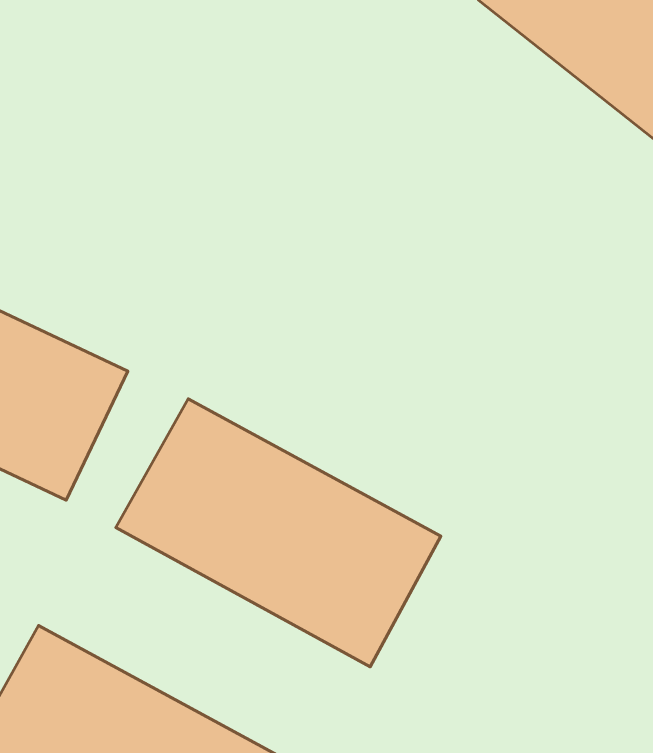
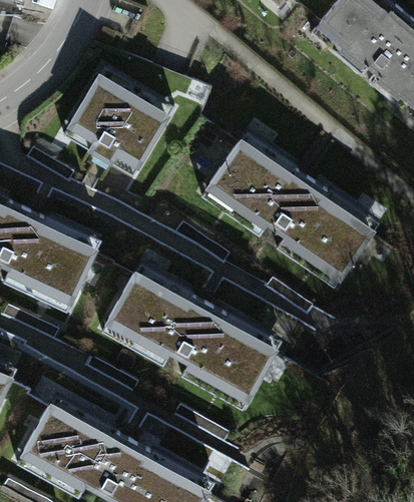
building: none -> [57,63,177,183]
building: none -> [201,136,376,287]

